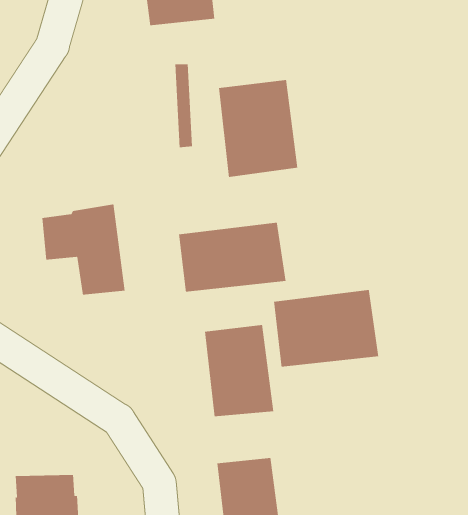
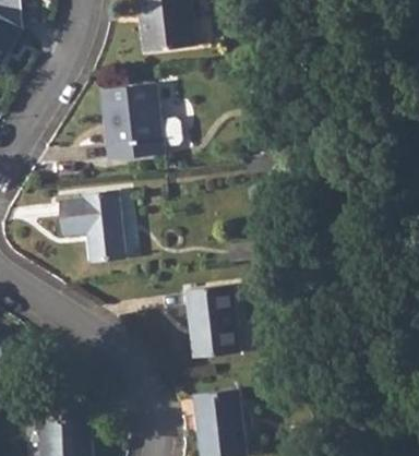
building: [218,79,298,178] -> [100,84,163,160]
building: [179,222,286,293] -> none
building: [273,289,379,367] -> none

